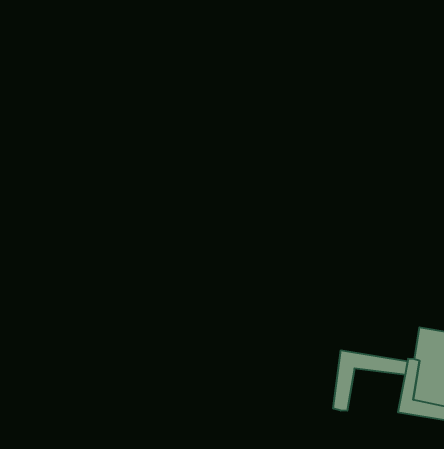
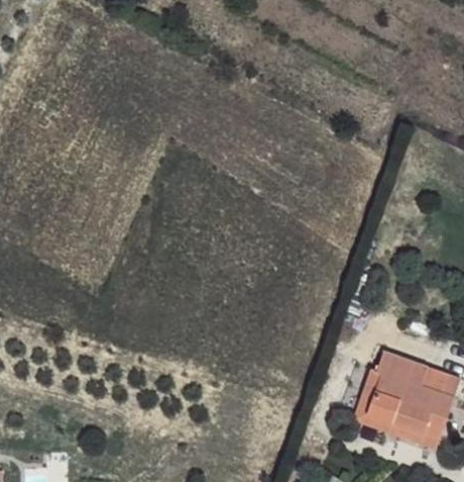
building: [333,350,408,411] -> none

